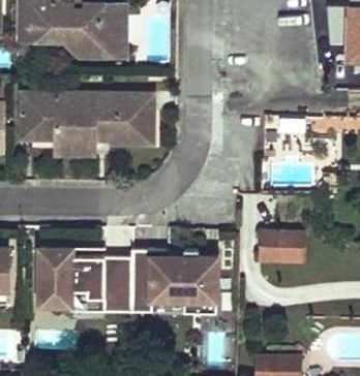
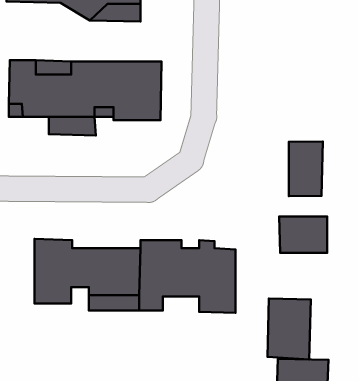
building: none -> [289,141,323,196]
building: none -> [267,298,311,359]

